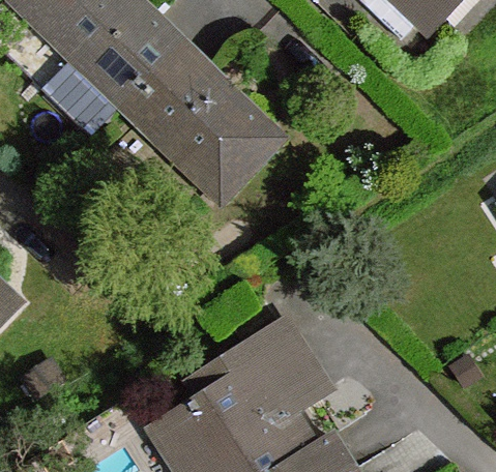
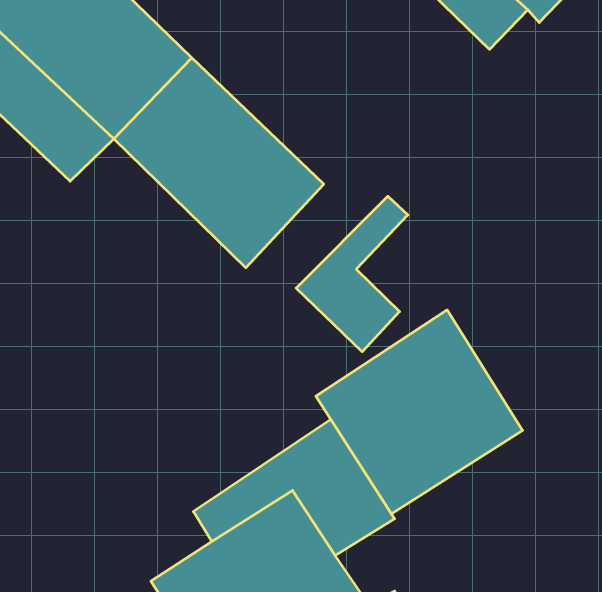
building: none -> [296,196,408,352]
building: none -> [316,310,523,514]

